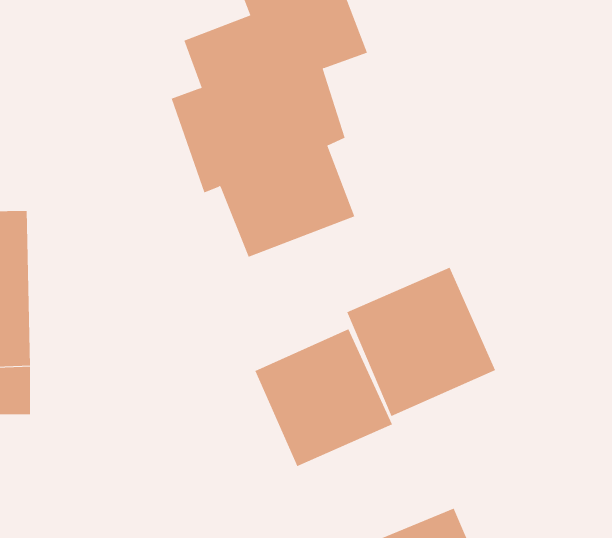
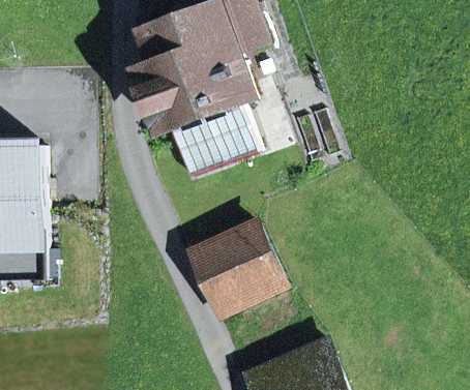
building: [347,267,496,417] -> none

